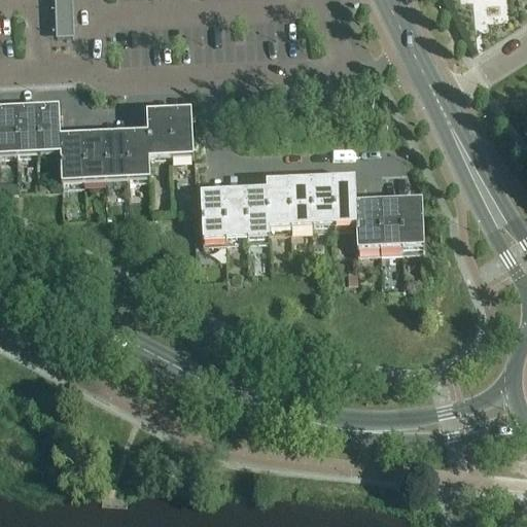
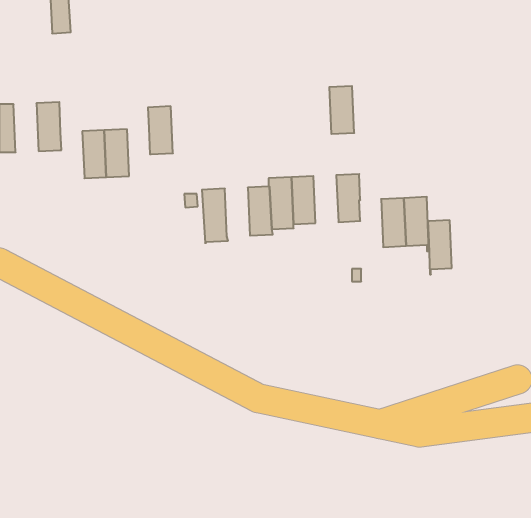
building: [13,102,38,150] -> none
building: [169,104,194,151] -> none
building: [126,127,150,174] -> none
building: [60,130,83,177] -> none
building: [310,173,335,220] -> [329,86,354,134]
building: [222,185,247,234] -> none
building: [355,197,379,250] -> [428,220,452,274]

